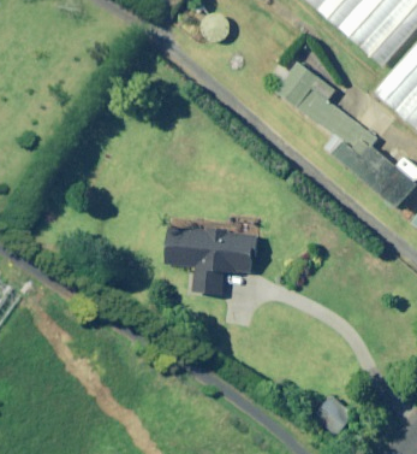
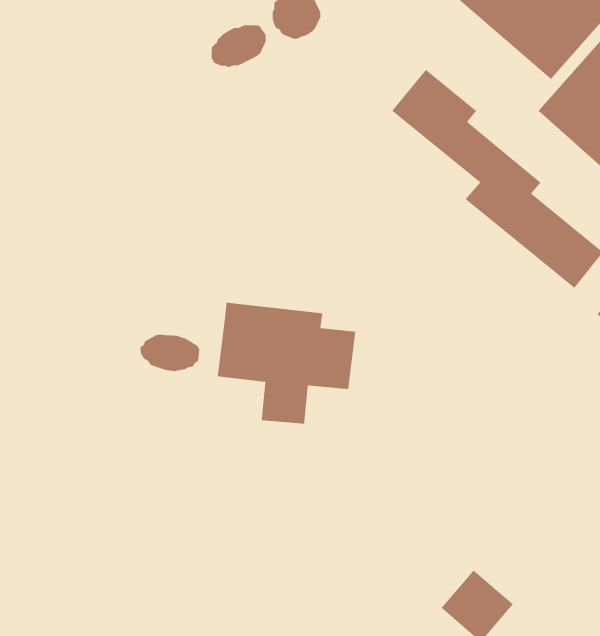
building: none -> [211,25,267,68]
building: none -> [140,334,200,372]

